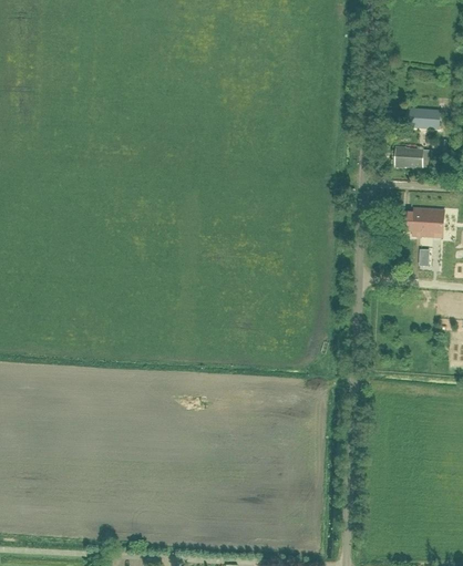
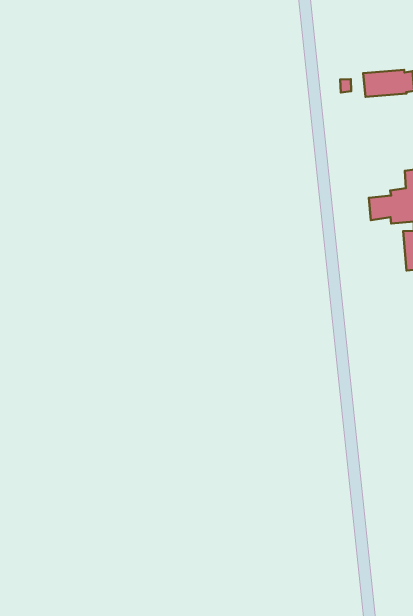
building: [394,145,431,166] -> none

